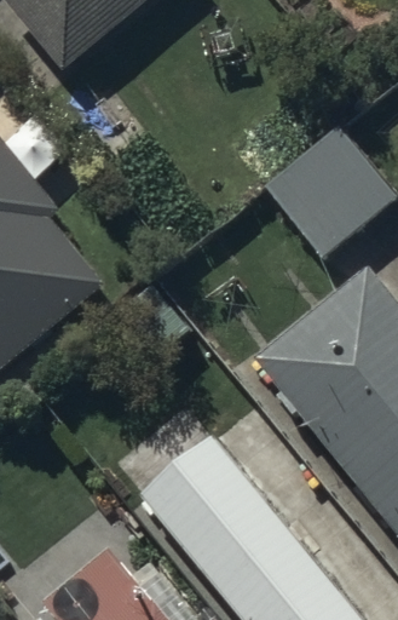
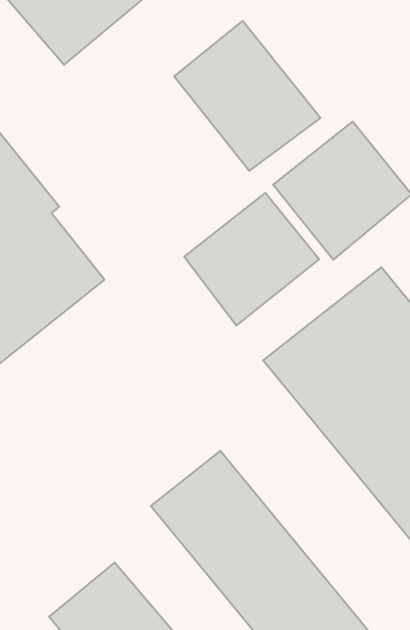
building: none -> [174,21,321,171]
building: none -> [184,193,319,326]

